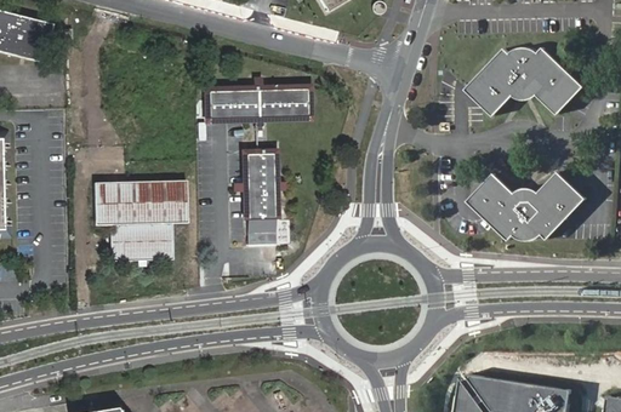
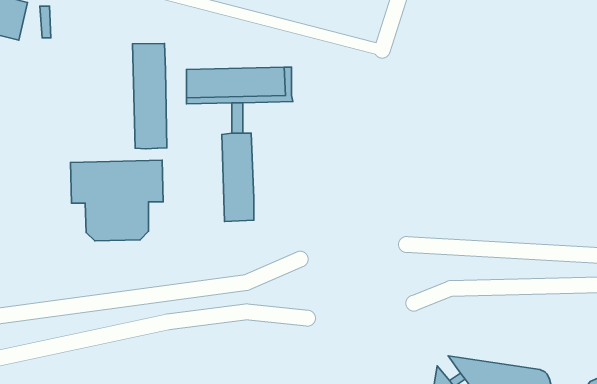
building: [465,46,583,115] -> none
building: none -> [133,44,167,149]
building: [467,172,585,240] -> none

